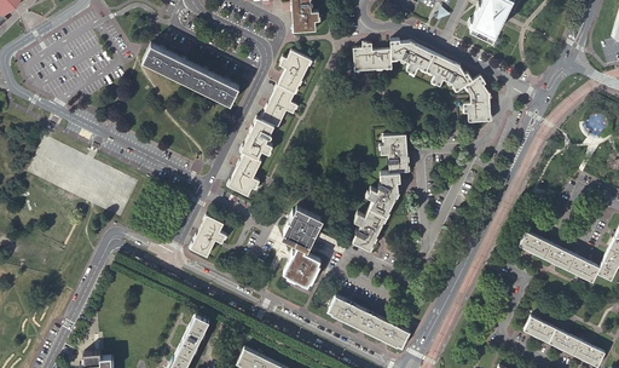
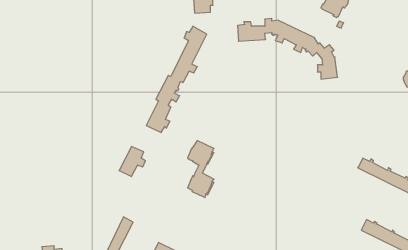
building: [143,44,239,104] -> none
building: [352,133,409,249] -> none
building: [328,295,410,347] -> none

